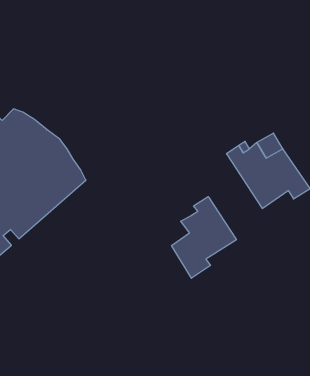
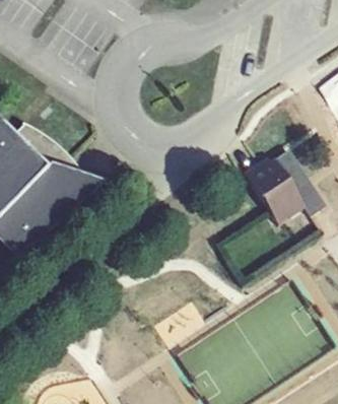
building: [172,197,236,278] -> none

